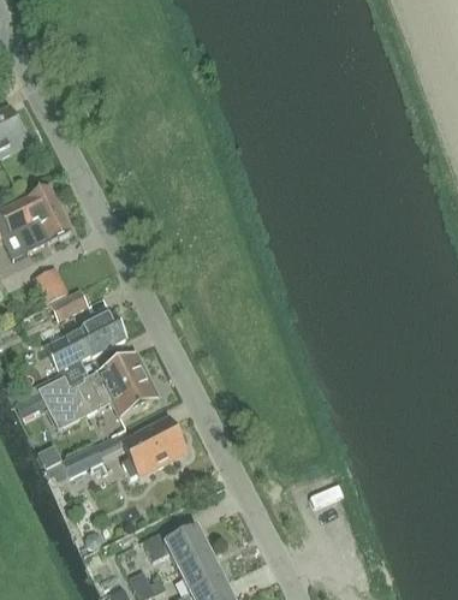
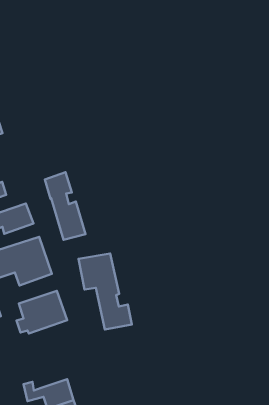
building: none -> [45,172,86,240]
building: none -> [79,254,132,329]

